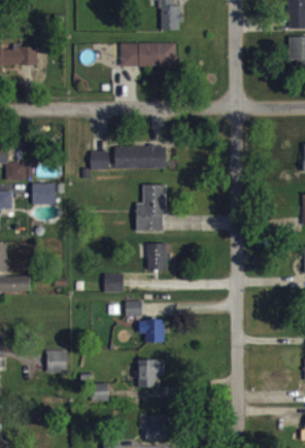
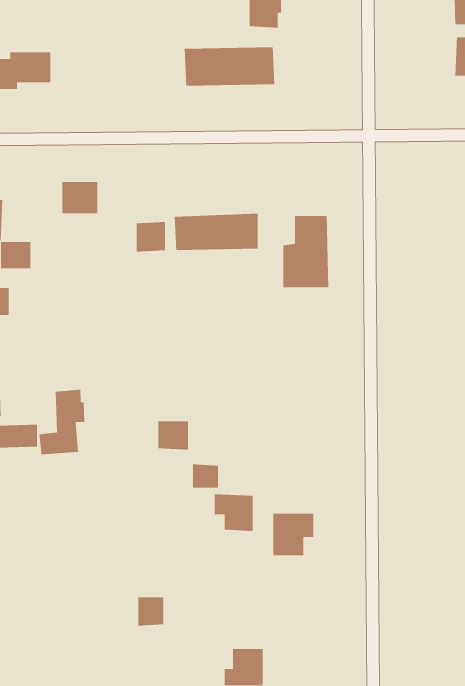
building: [33,183,56,204] -> [62,181,98,214]
building: [136,185,165,231] -> [283,215,329,288]
building: [147,243,167,270] -> none
building: none -> [39,389,85,455]
building: [46,351,67,373] -> none
building: [138,360,164,387] -> [273,513,314,556]

